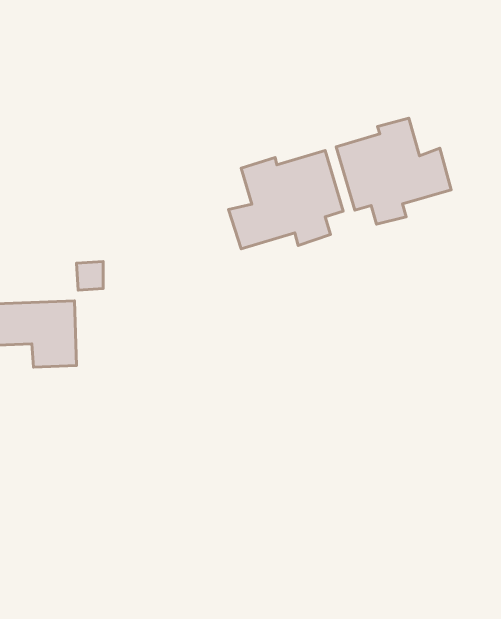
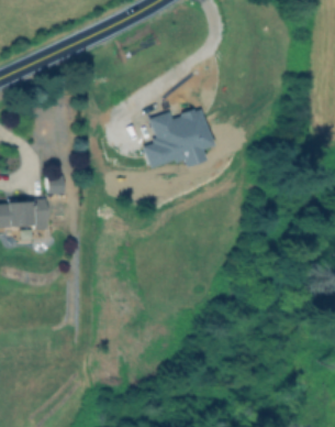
building: [336,118,451,224] -> none

